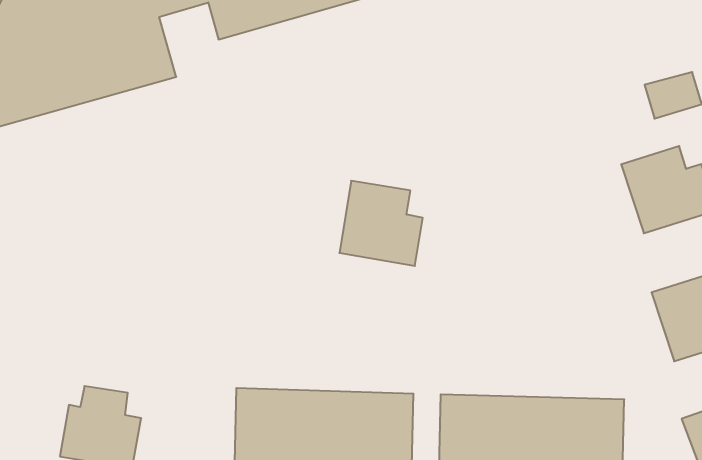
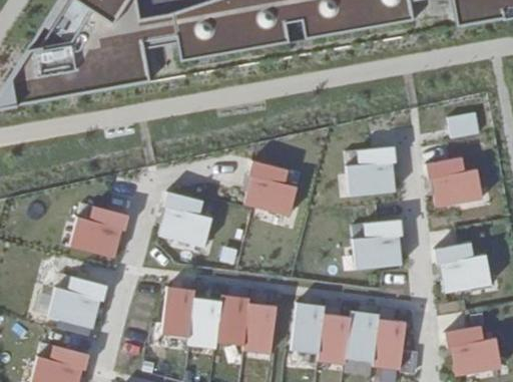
building: none -> [347,144,399,197]
building: none -> [156,193,211,251]
building: none -> [355,219,406,271]
building: none -> [70,201,126,261]

